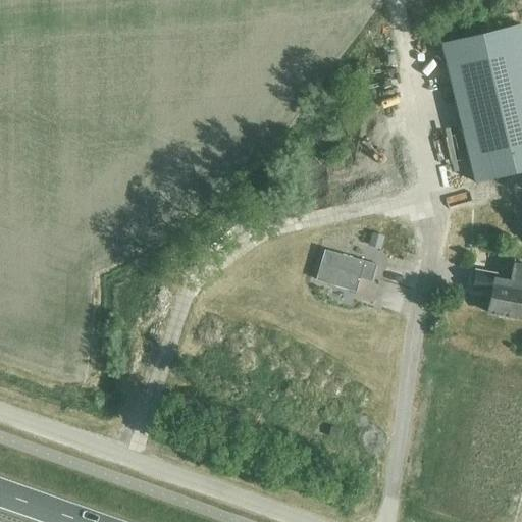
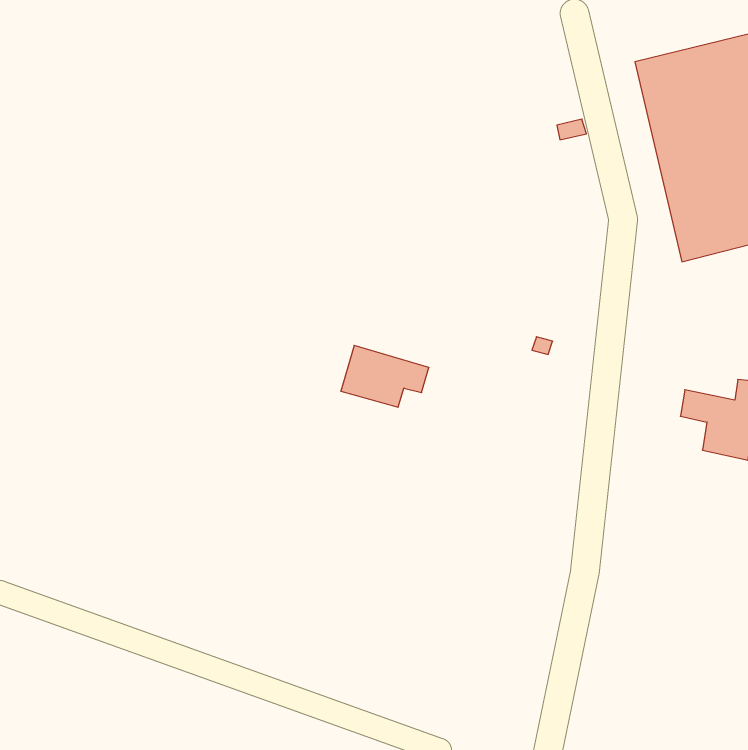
building: [317,249,378,292] -> [341,345,429,407]

